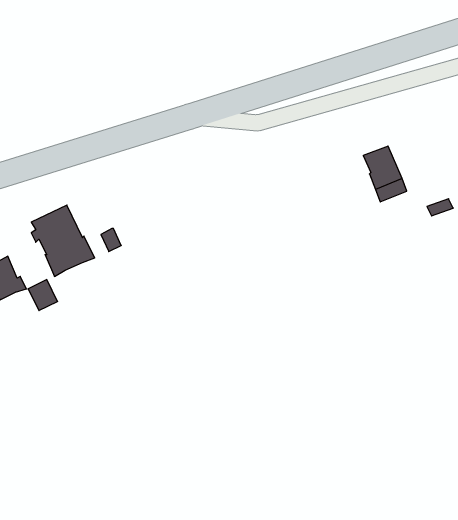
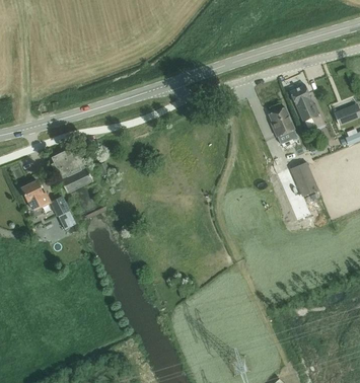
building: none -> [290,85,320,122]
building: none -> [290,161,318,197]

